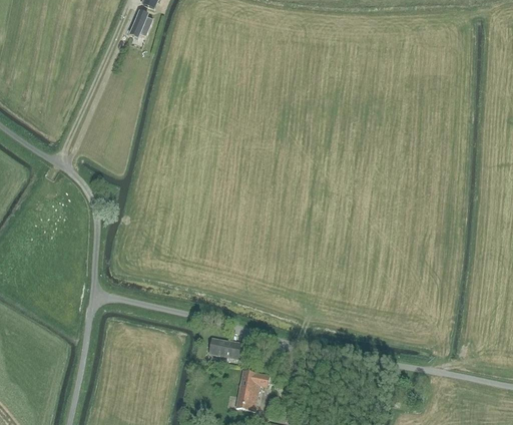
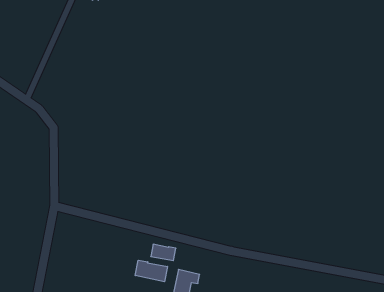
building: none -> [135,260,167,282]

